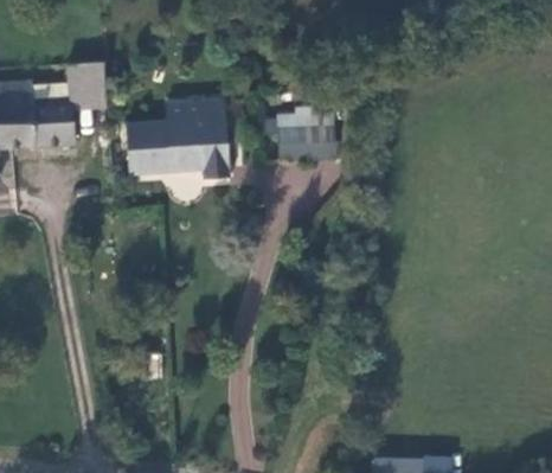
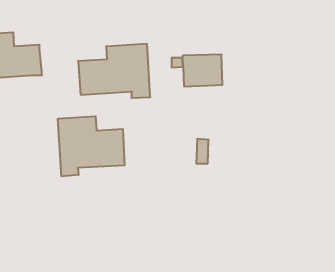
building: [66,62,105,107] -> none
building: none -> [58,116,124,176]

